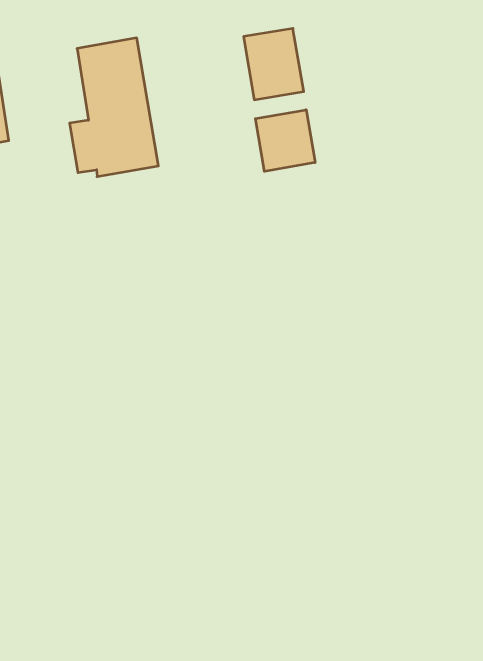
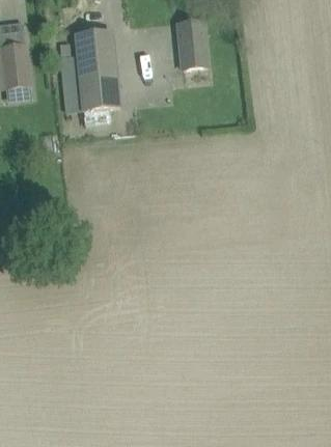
building: [255,110,315,171] -> none

